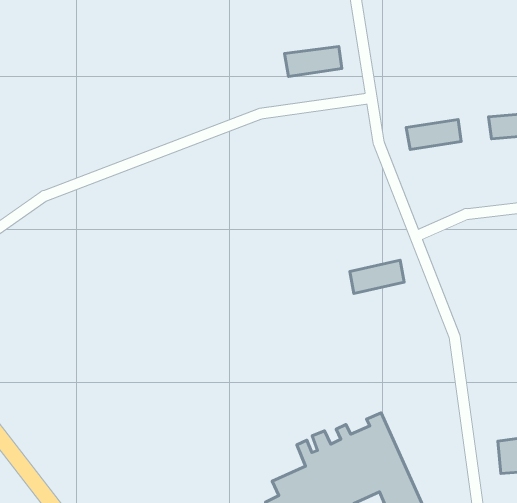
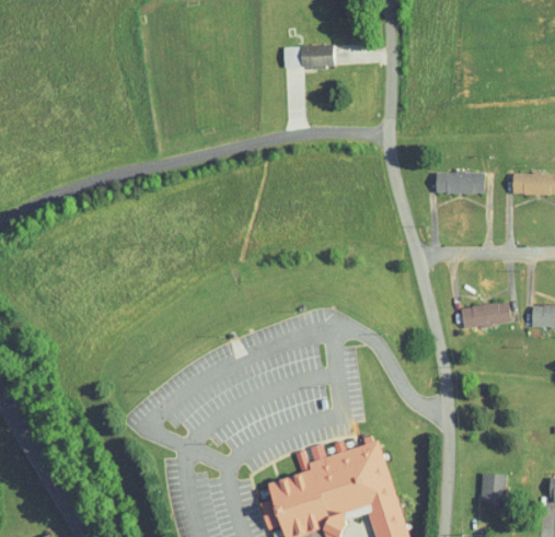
building: [284,46,342,77] -> [282,46,334,68]
building: [350,260,404,293] -> [461,303,510,328]

